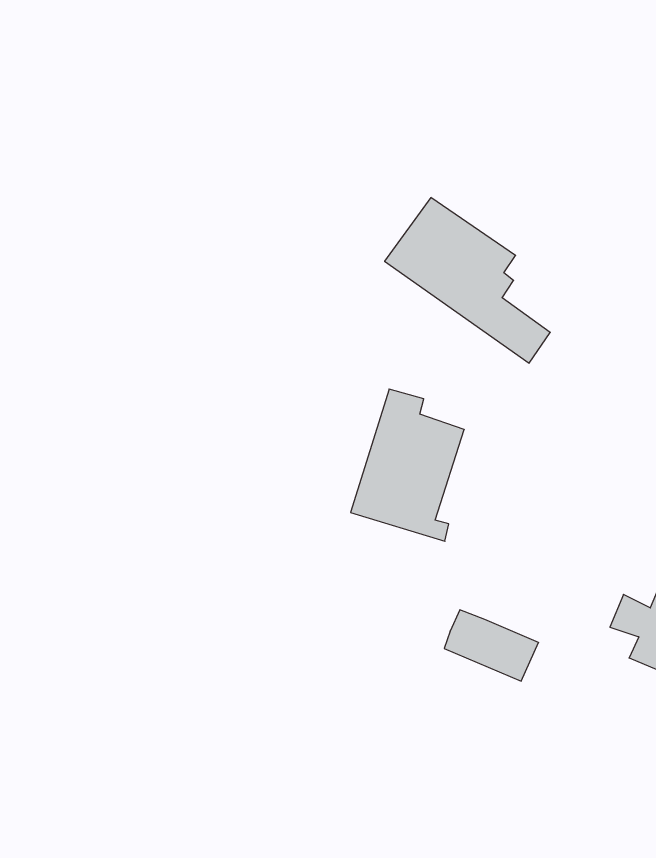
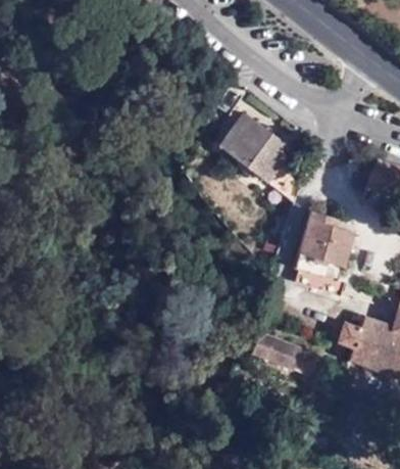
building: [351,389,464,541] -> [293,212,353,292]

